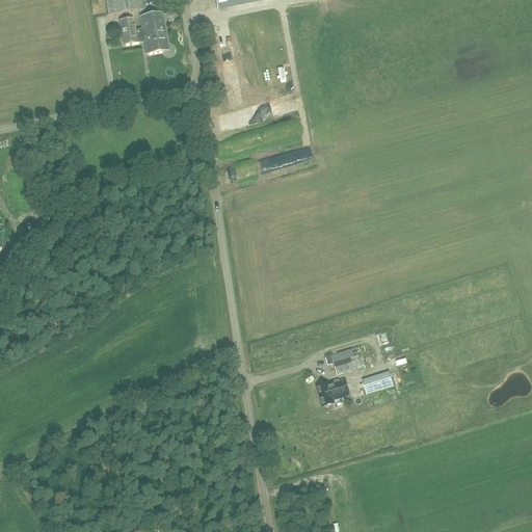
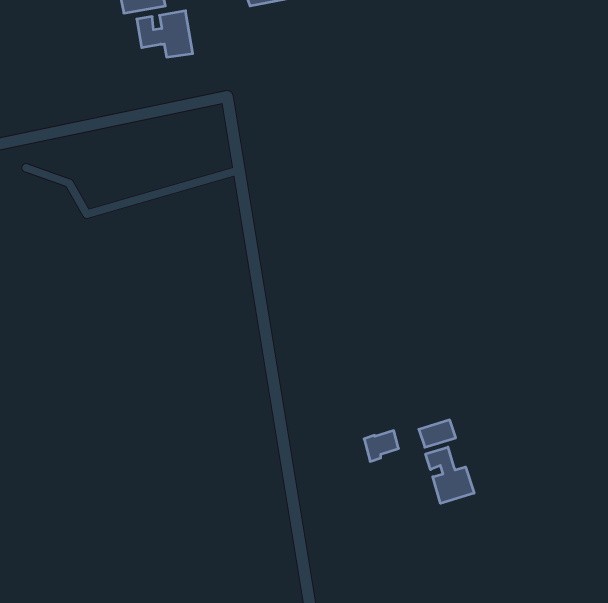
building: [325,347,362,371] -> none
building: none -> [426,447,474,503]

